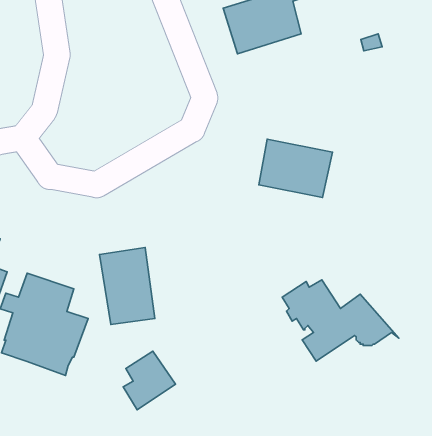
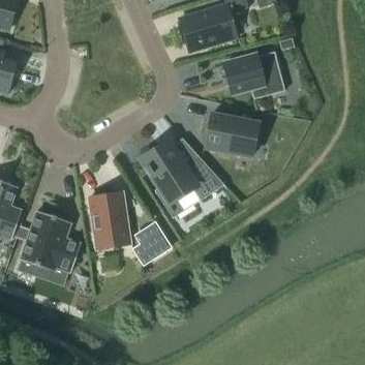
building: none -> [224,51,284,98]
building: [282,280,399,361] -> [142,145,226,204]
building: [123,351,176,410] -> [133,221,172,264]

